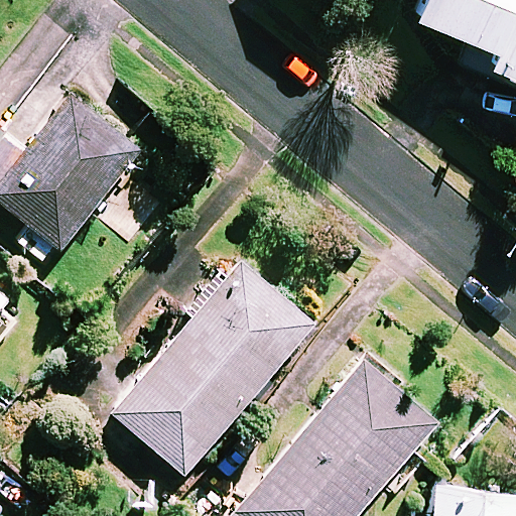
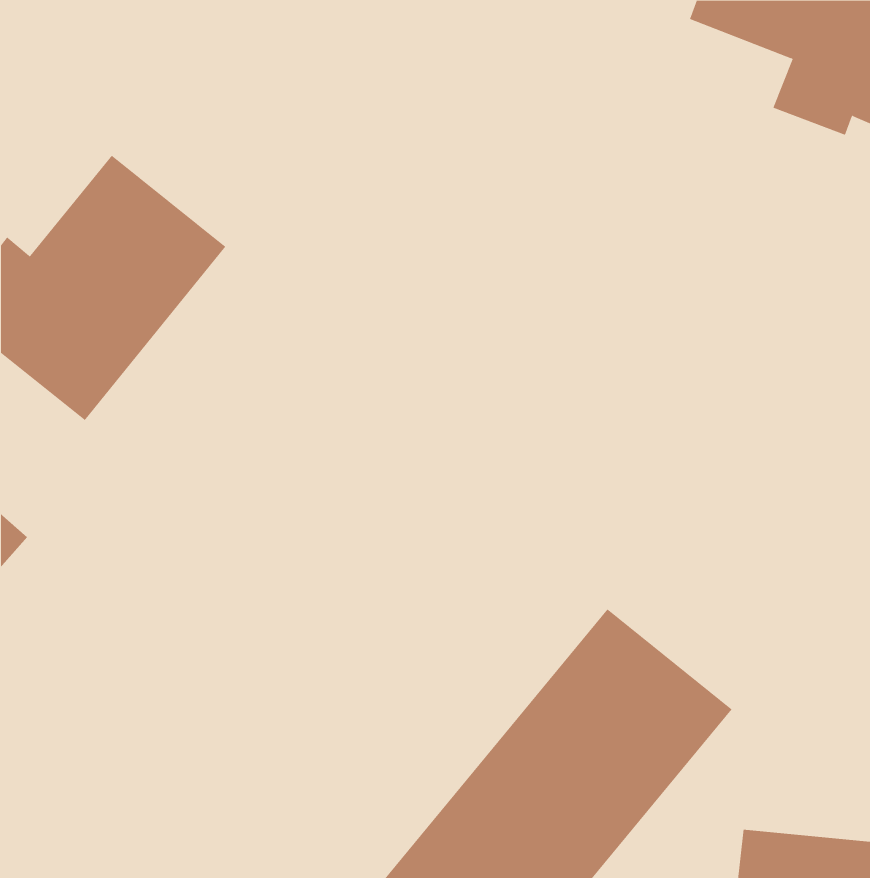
building: [114,262,312,474] -> none

